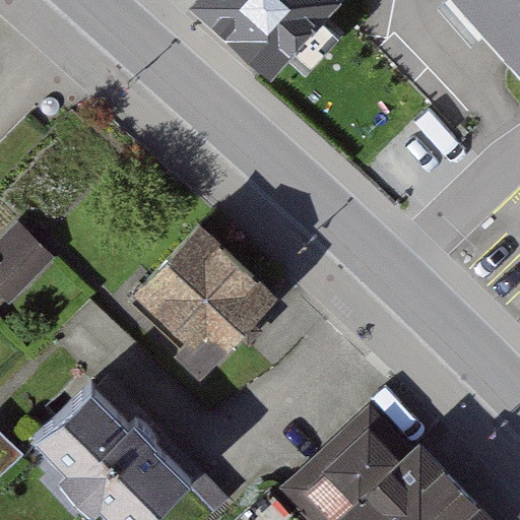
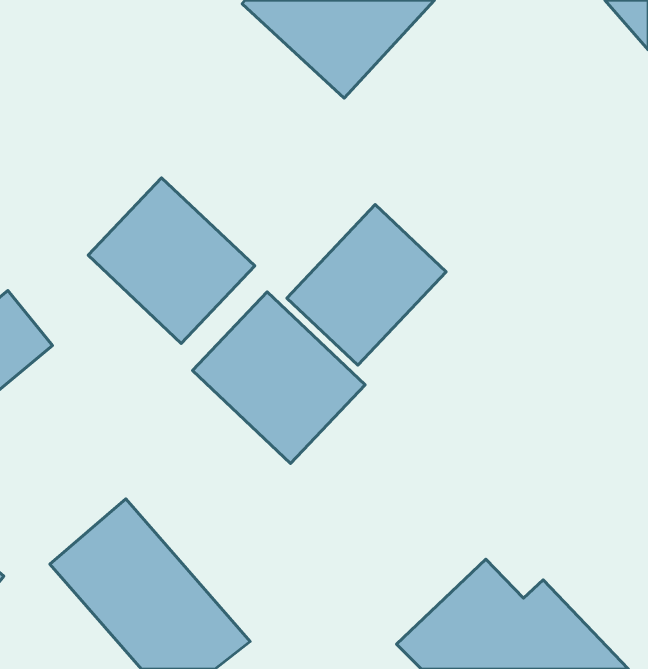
building: none -> [88,178,255,343]
building: none -> [287,205,446,365]

